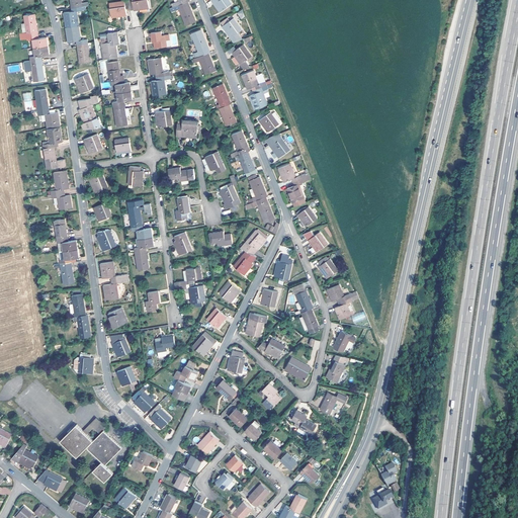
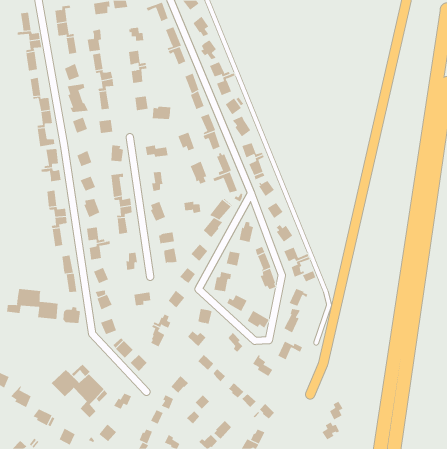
building: none -> [7,288,58,320]

